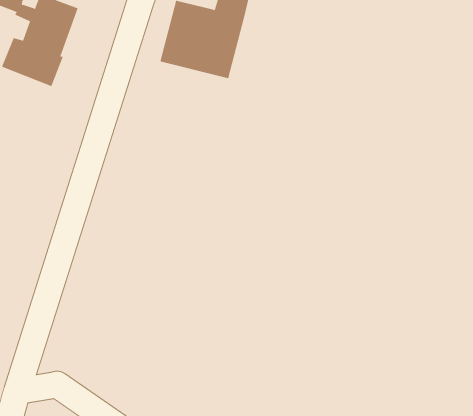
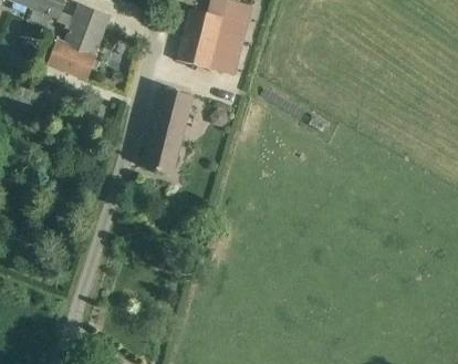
building: none -> [143,89,194,174]

